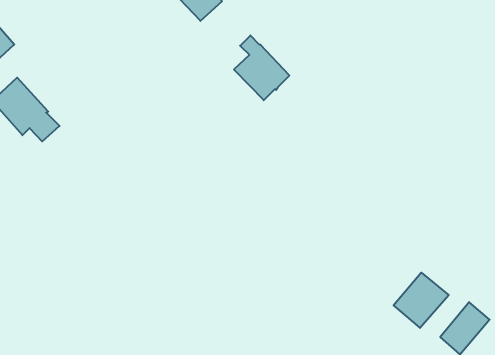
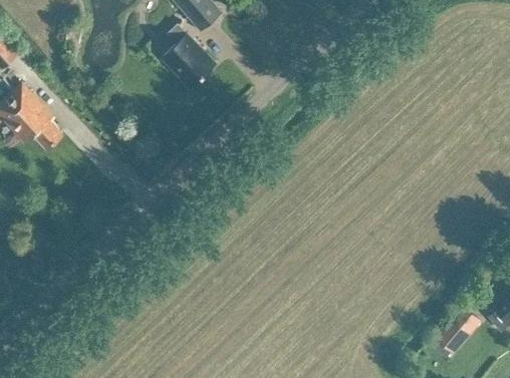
building: [234,35,289,100] -> [162,24,216,87]
building: [394,273,449,328] -> none

